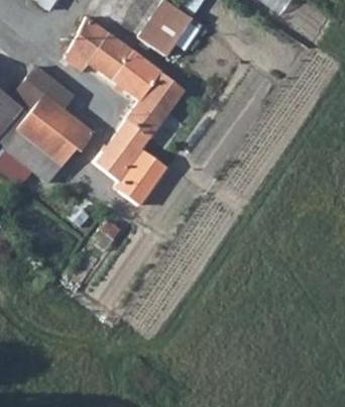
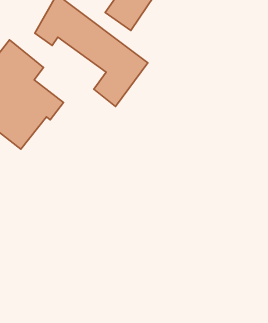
building: [96,119,167,205] -> none

